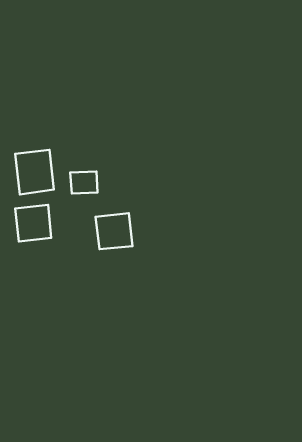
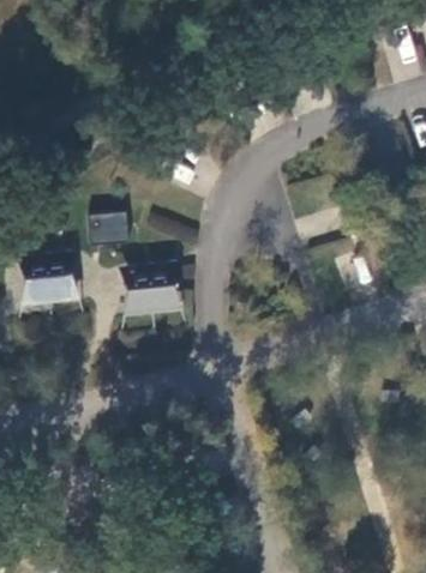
building: [15,150,54,195] -> none

